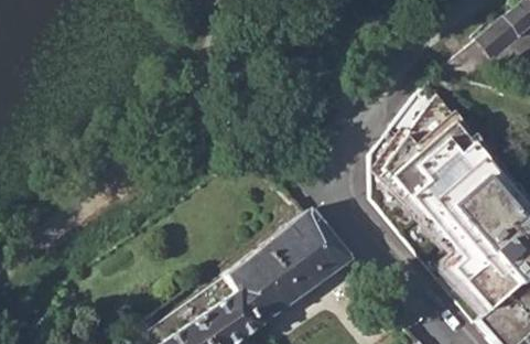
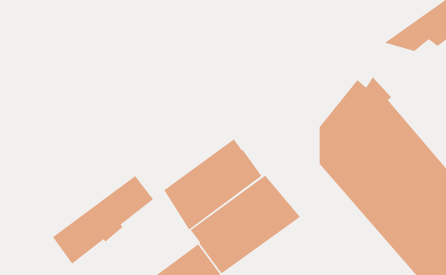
building: none -> [164,138,262,230]
building: none -> [52,175,154,264]

